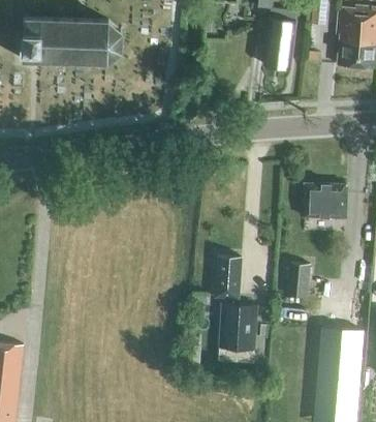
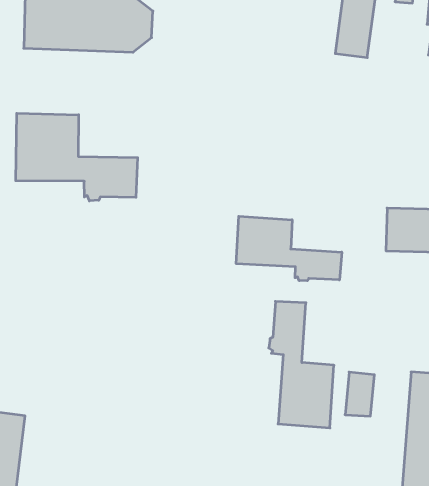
building: none -> [16,113,138,201]
building: none -> [236,216,342,281]
building: [287,264,310,298] -> [345,372,374,416]

